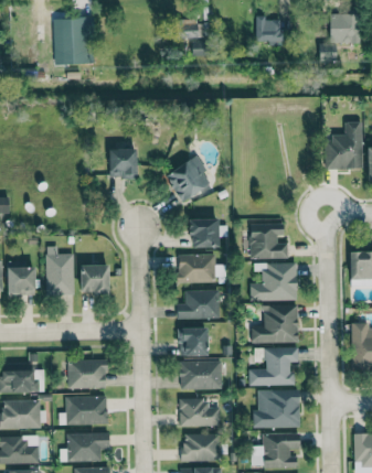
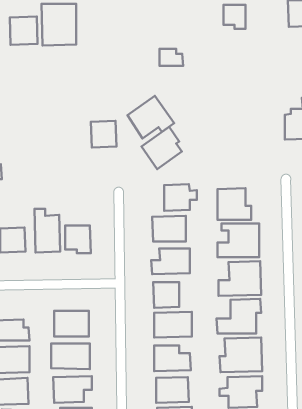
building: [179,19,205,37] -> [159,49,183,66]
building: none -> [10,16,37,45]
building: none -> [128,96,174,138]

